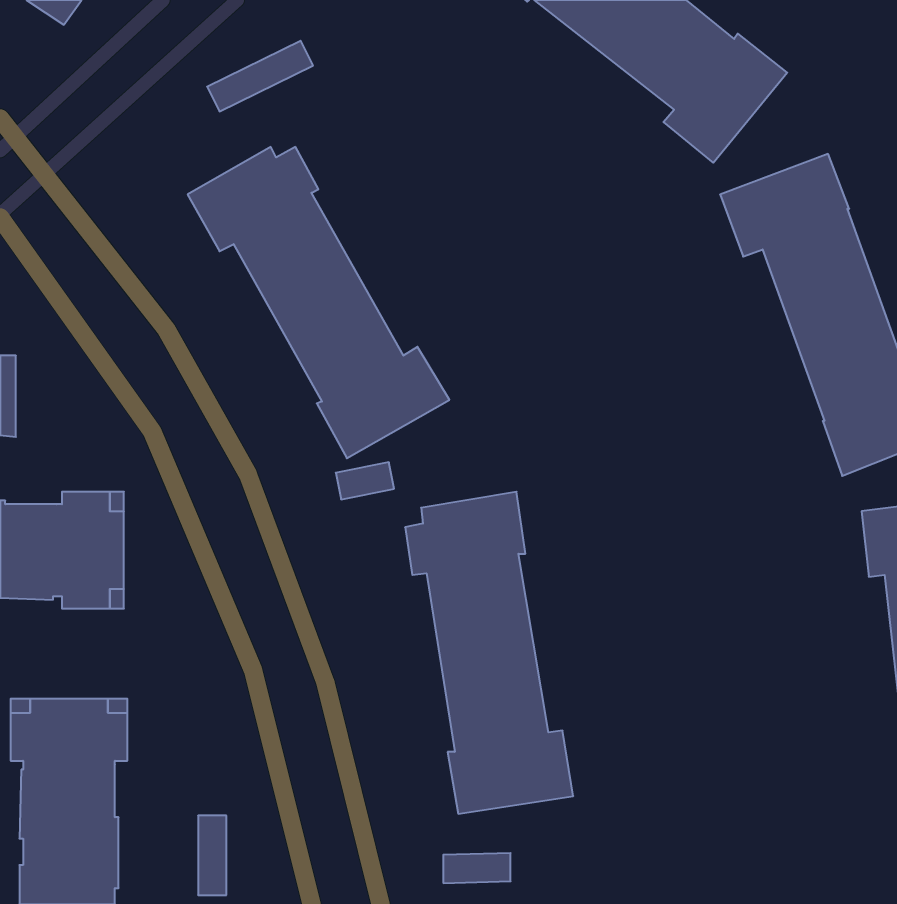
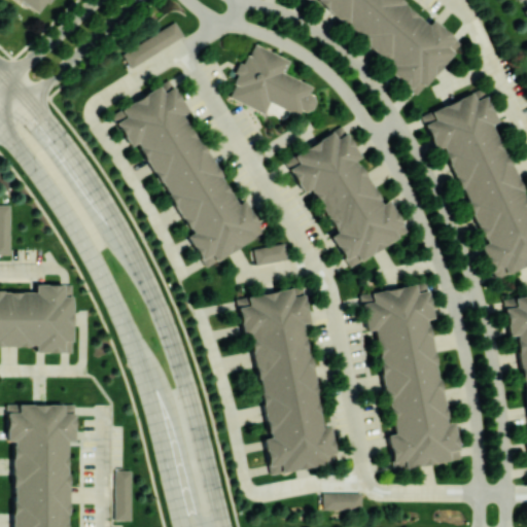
building: none -> [235,44,322,115]
building: none -> [286,127,410,266]
building: [336,462,394,499] -> [257,245,291,267]
building: none -> [363,283,461,469]
building: [443,853,511,883] -> [324,492,363,510]

